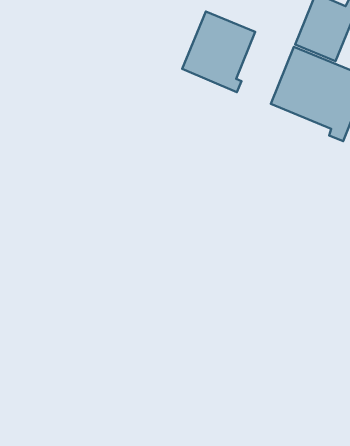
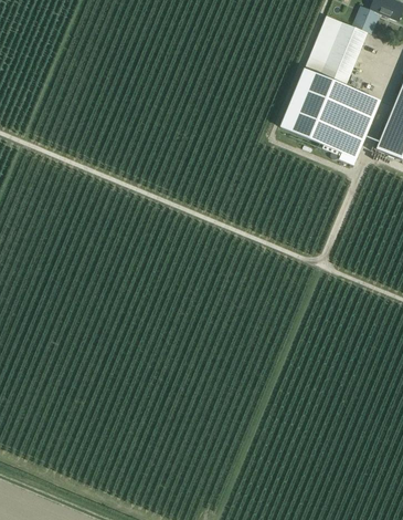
building: [182,11,255,92] -> none

